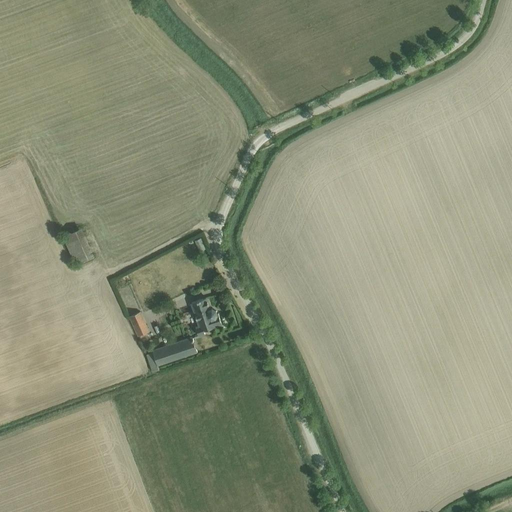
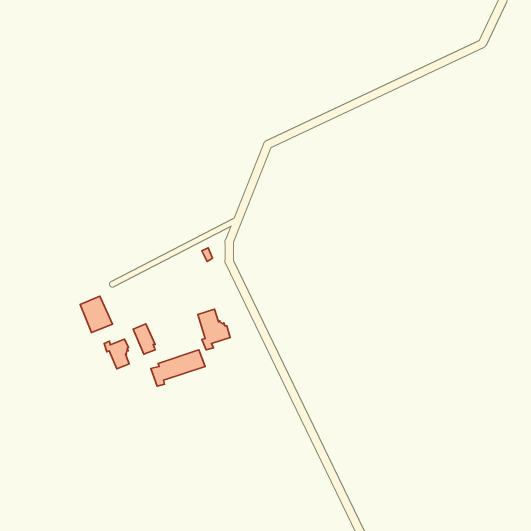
building: [62,228,93,263] -> [80,296,112,333]
building: none -> [104,339,129,369]

